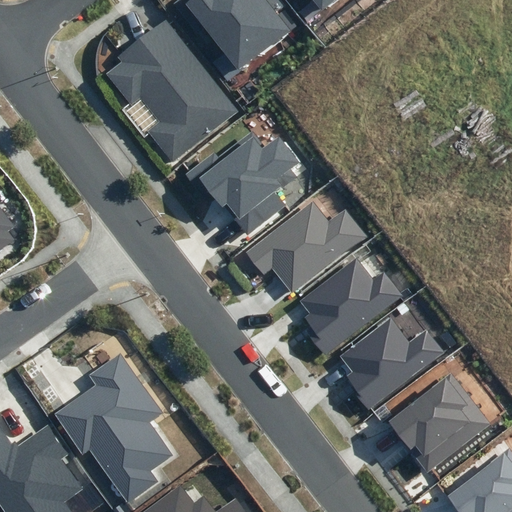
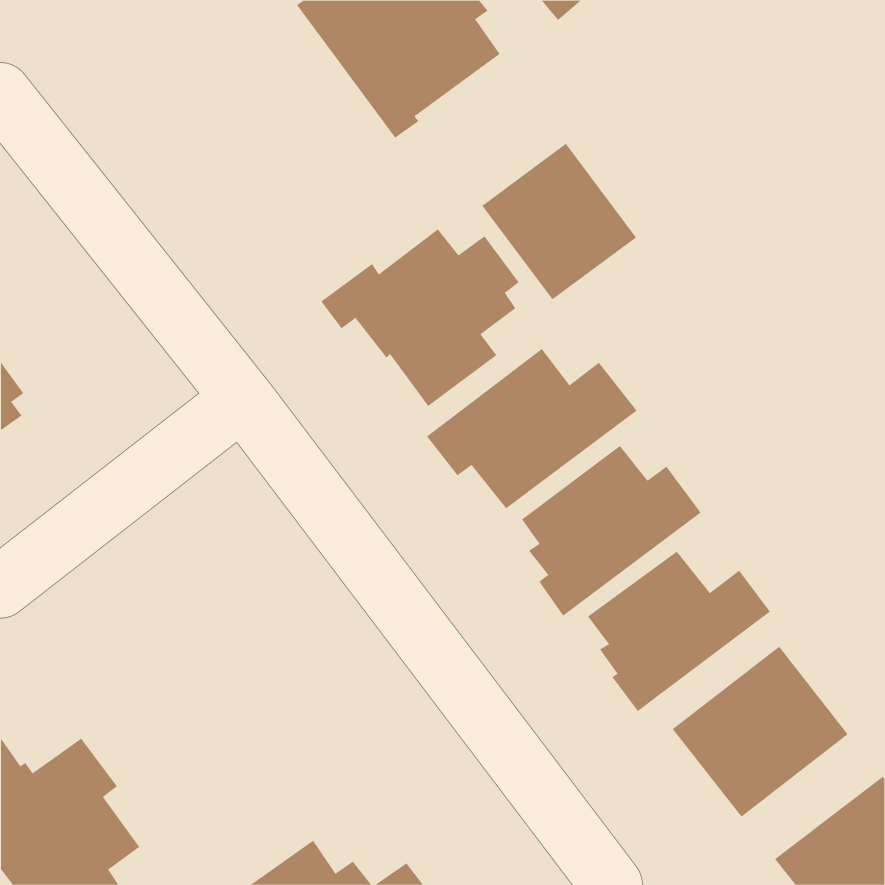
building: [107,19,238,163] -> none
building: none -> [481,143,637,300]
building: [53,352,173,503] -> none

